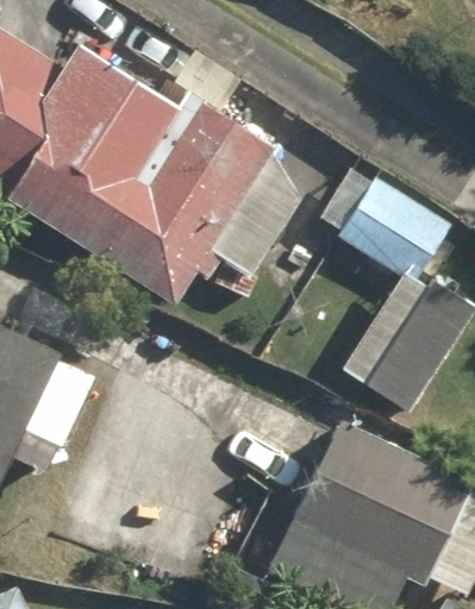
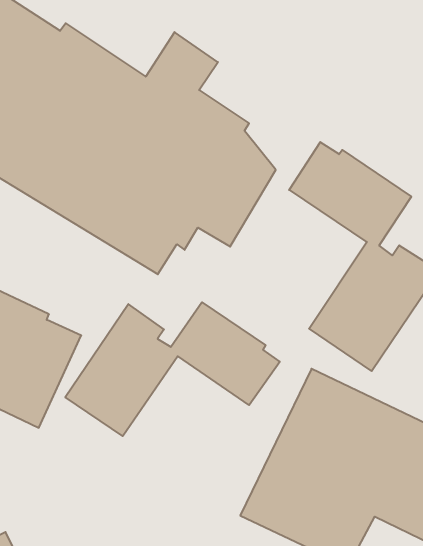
building: none -> [65,302,280,436]

